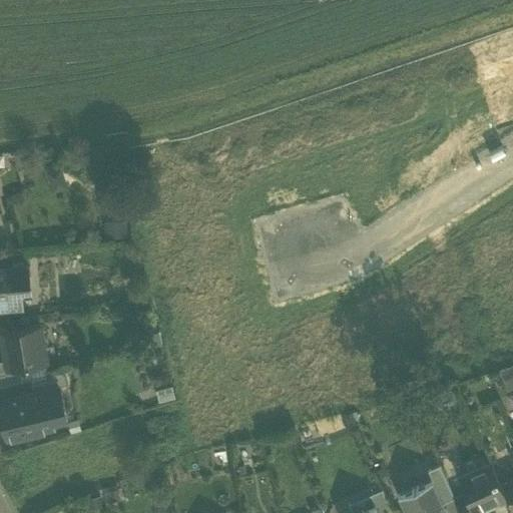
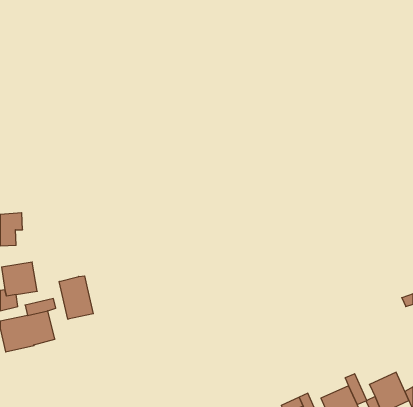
building: none -> [59,276,93,319]

